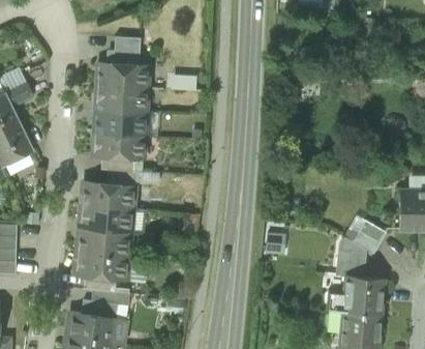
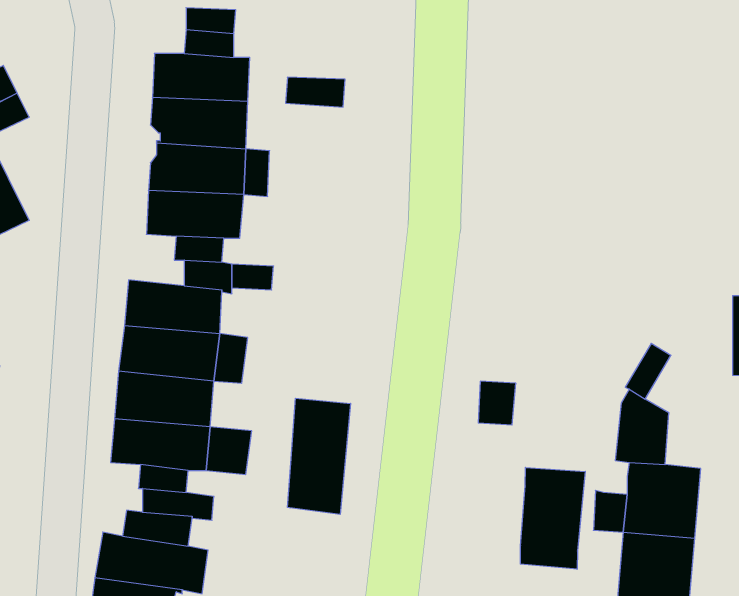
building: [354,220,389,256] -> none
building: none -> [288,398,351,514]
building: none -> [520,467,585,569]

